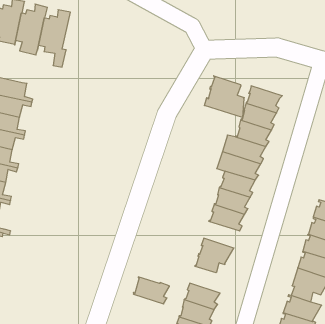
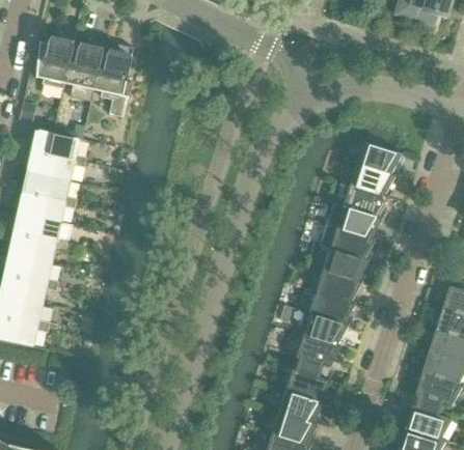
building: [204,76,244,118] -> none
building: none -> [302,313,348,347]
building: [133,277,169,304] -> [284,370,330,404]

